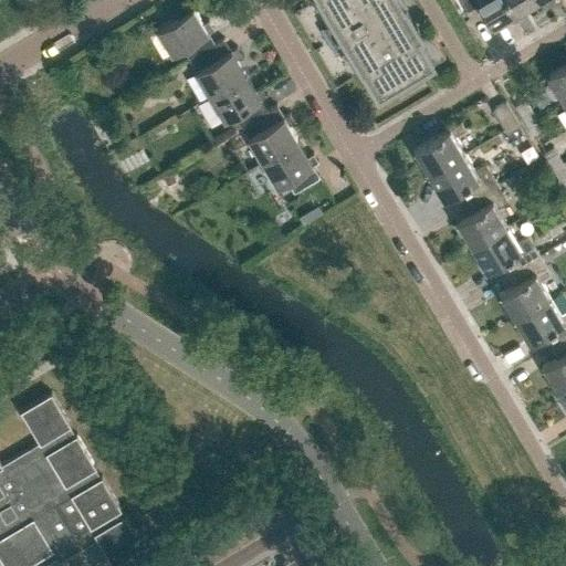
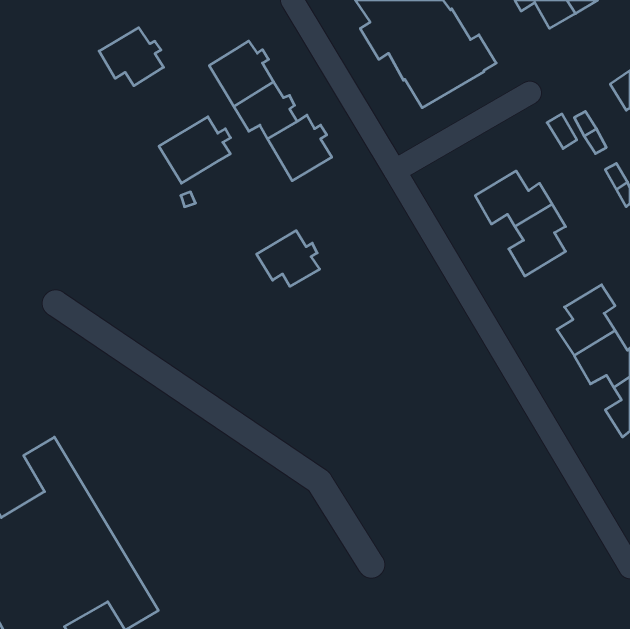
building: [156,10,213,62] -> [99,28,164,86]
building: none -> [159,117,231,183]
building: [410,126,461,178] -> none
building: [261,144,317,193] -> [257,231,320,286]
building: [469,228,537,277] -> none

